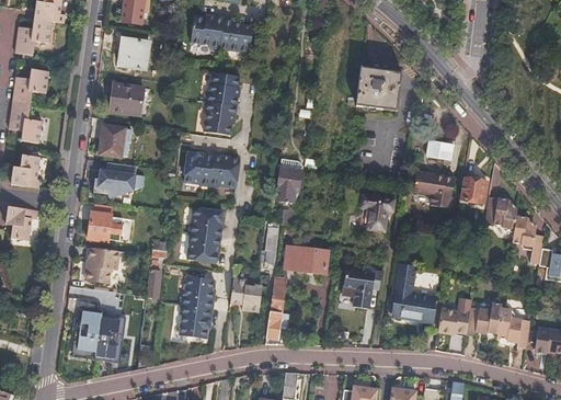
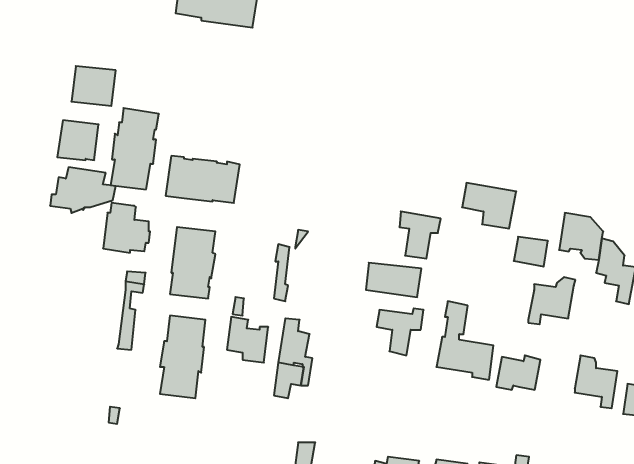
building: [119,37,150,69] -> none
building: [357,66,403,111] -> none
building: [203,72,240,135] -> [111,108,159,189]
building: [426,141,454,162] -> none
building: [276,170,302,204] -> none
building: [460,179,486,202] -> [514,237,548,267]
building: [89,203,125,241] -> [103,203,150,253]
building: [85,247,119,284] -> none
building: [286,247,329,273] -> [366,263,421,297]
building: [467,299,503,335] -> [528,277,575,324]
building: [71,308,127,362] -> none

